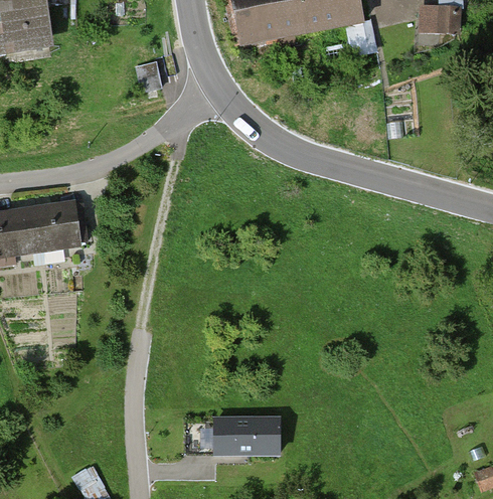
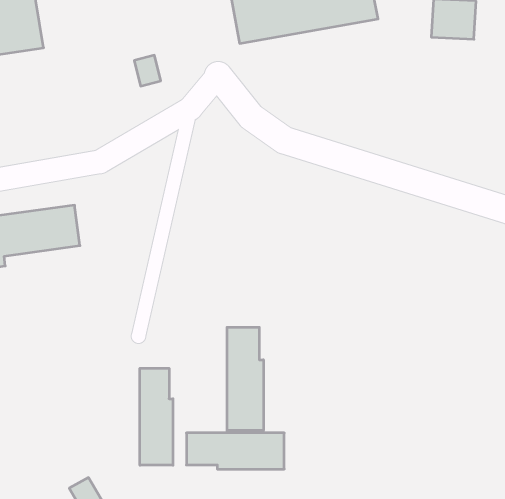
building: none -> [227,327,263,431]
building: none -> [140,368,173,465]

